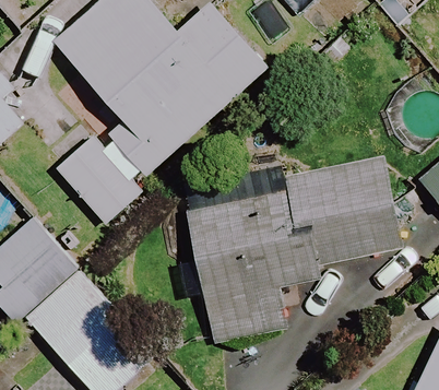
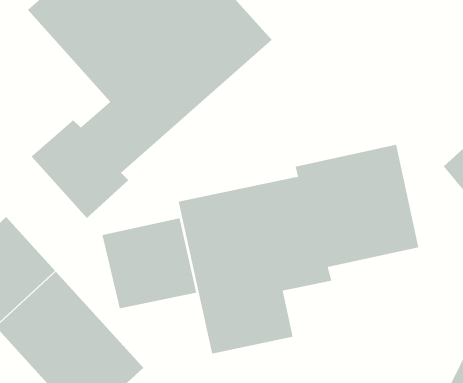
building: none -> [102,218,197,309]

